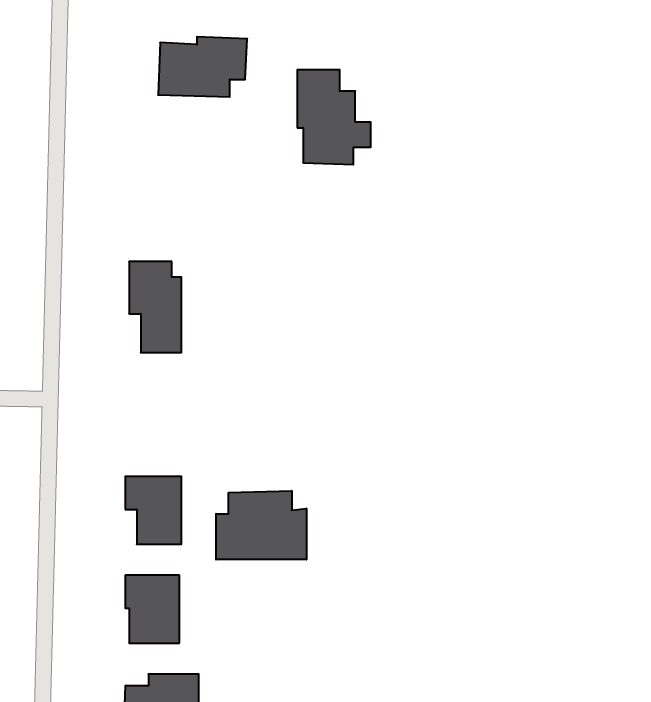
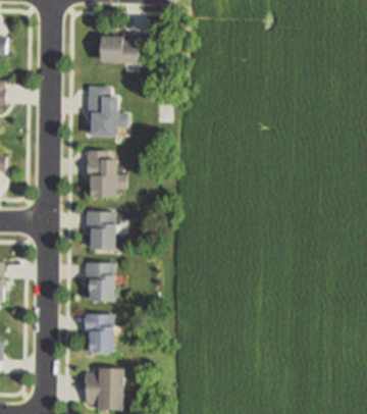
building: [297,70,371,165] -> [89,85,127,135]
building: none -> [86,210,114,250]
building: [216,491,306,560] -> none

